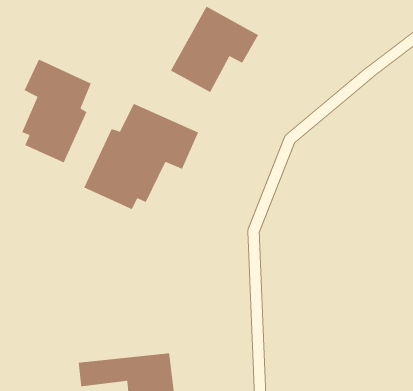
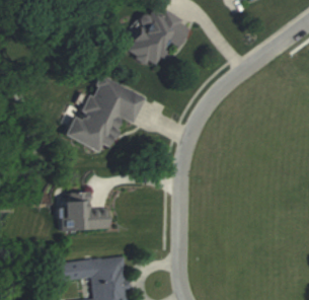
building: [21,58,92,164] -> none
building: none -> [58,200,107,232]

